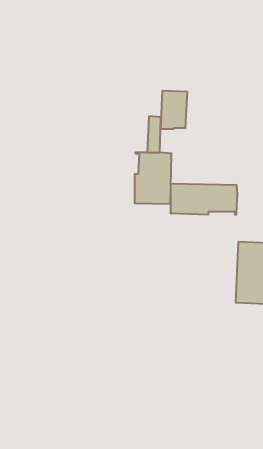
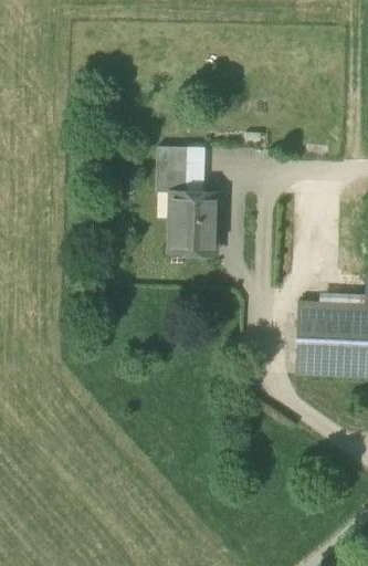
building: [160,91,187,129] -> [156,146,189,192]
building: [171,184,237,215] -> none

